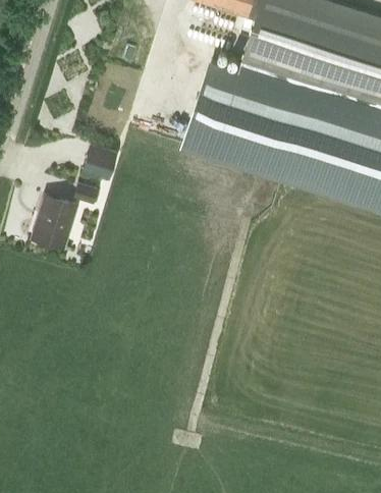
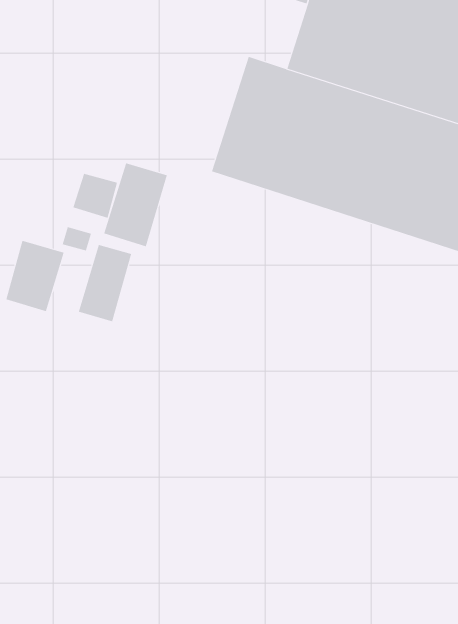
building: none -> [103,163,168,247]
building: none -> [78,244,132,322]

